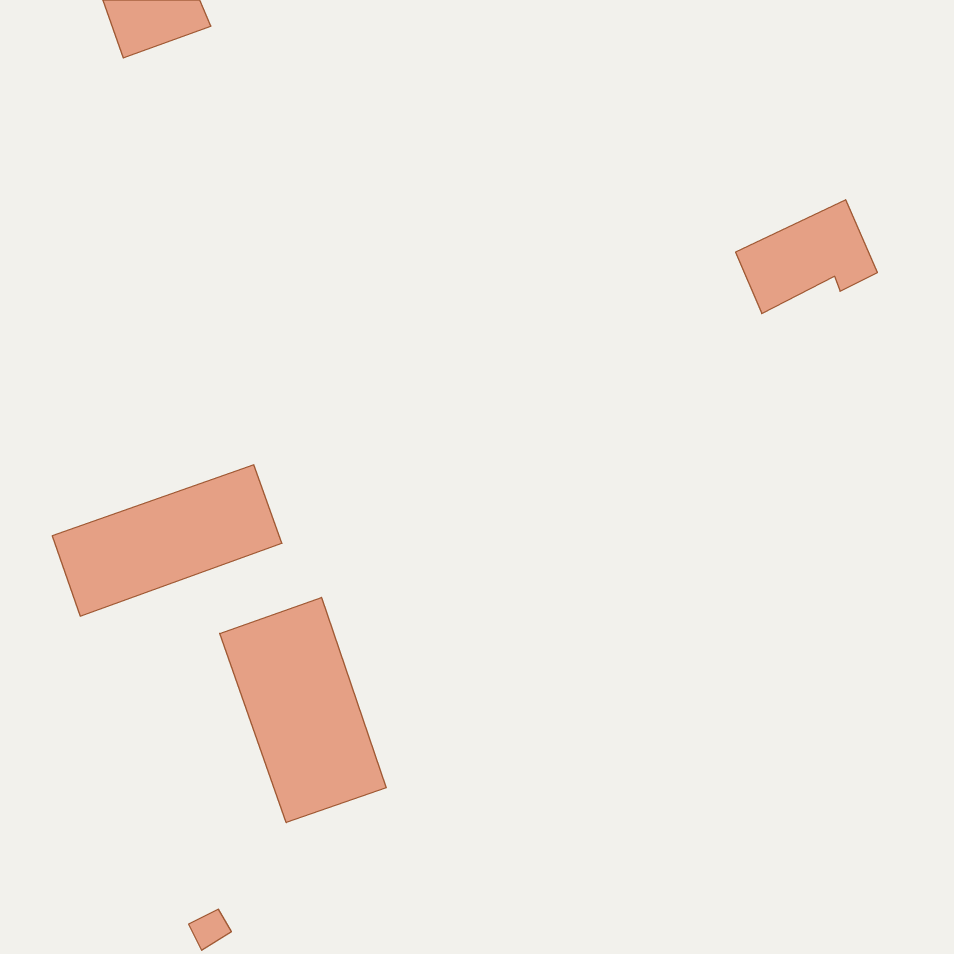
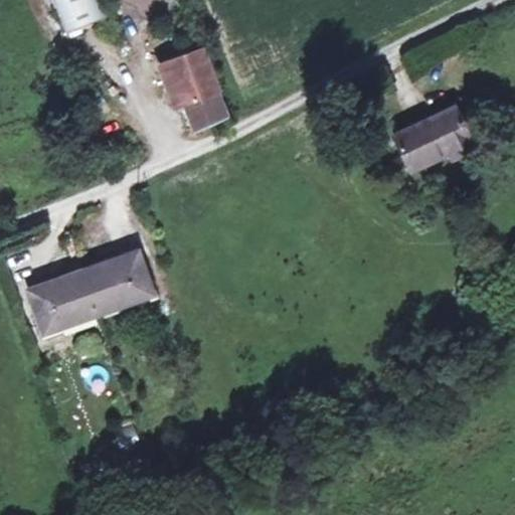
building: none -> [163,49,226,130]
building: [220,597,386,823] -> none

